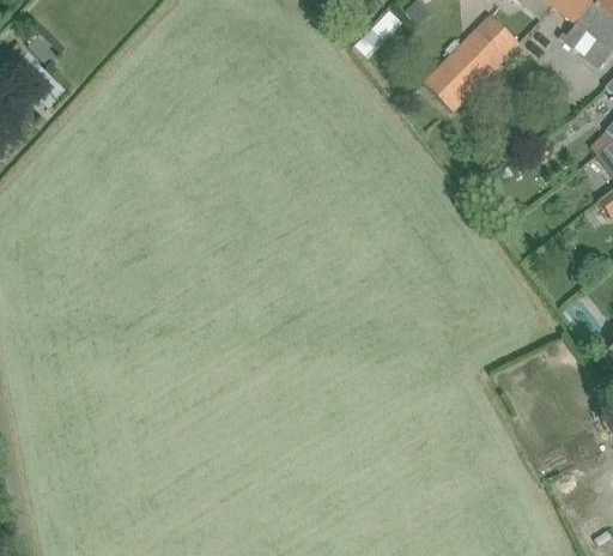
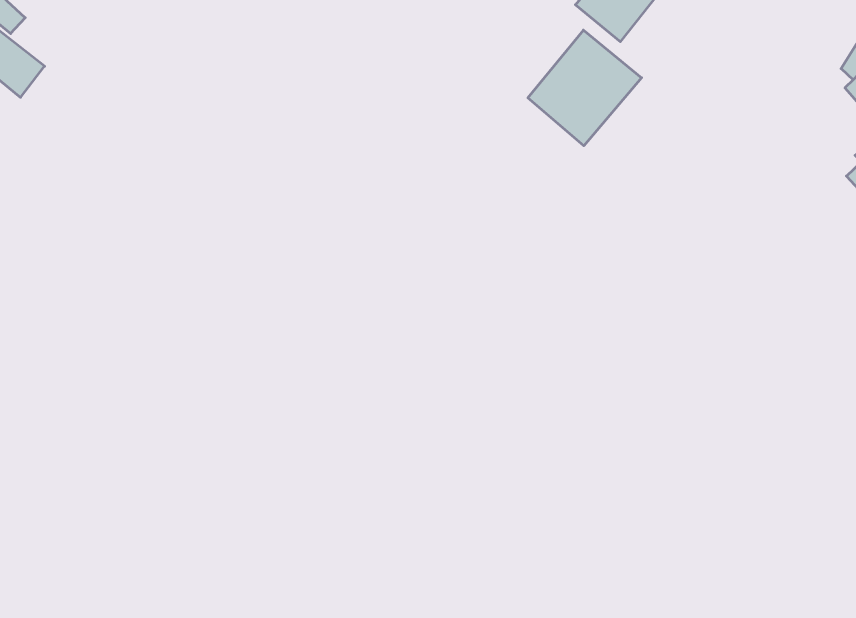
building: none -> [528,30,642,146]

